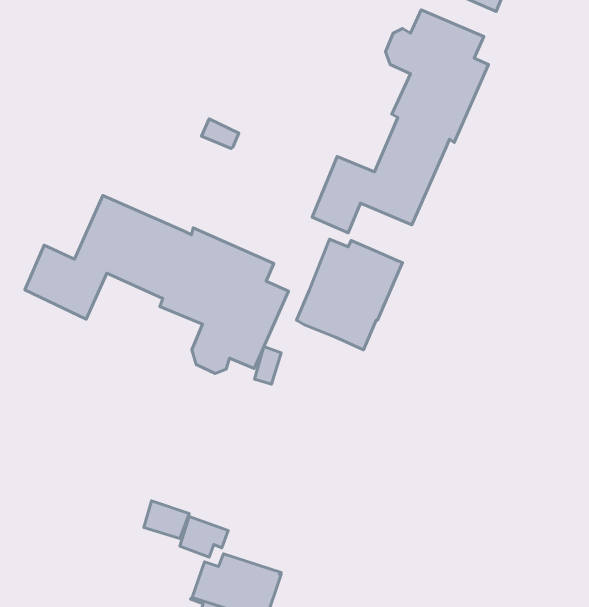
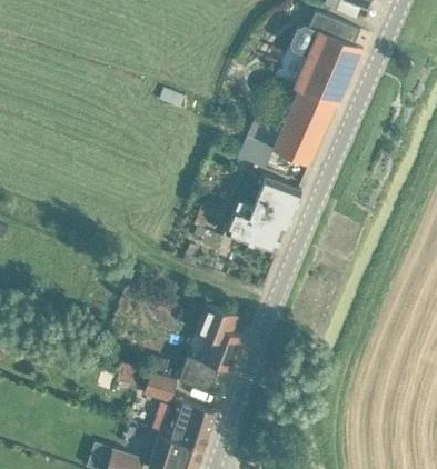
building: [25,195,289,373] -> none
building: none -> [178,303,241,391]

